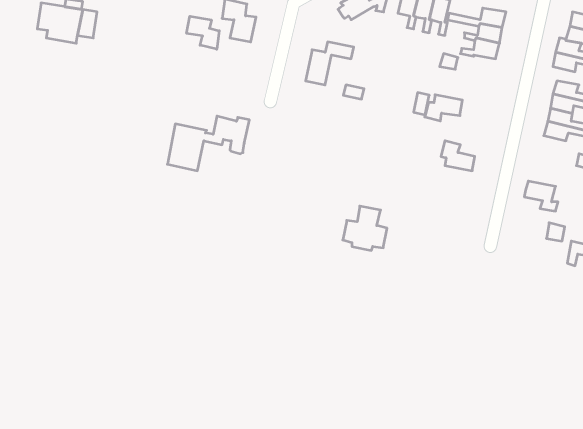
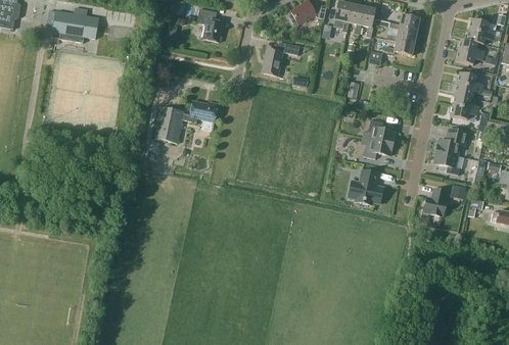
building: [187,16,219,49] -> none
building: [425,95,462,121] -> [364,138,394,158]
building: none -> [437,128,468,154]
building: [343,206,387,250] -> [350,169,384,204]
building: none -> [425,188,448,214]

